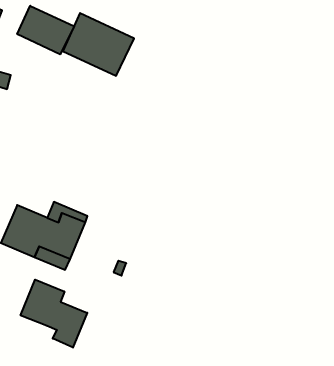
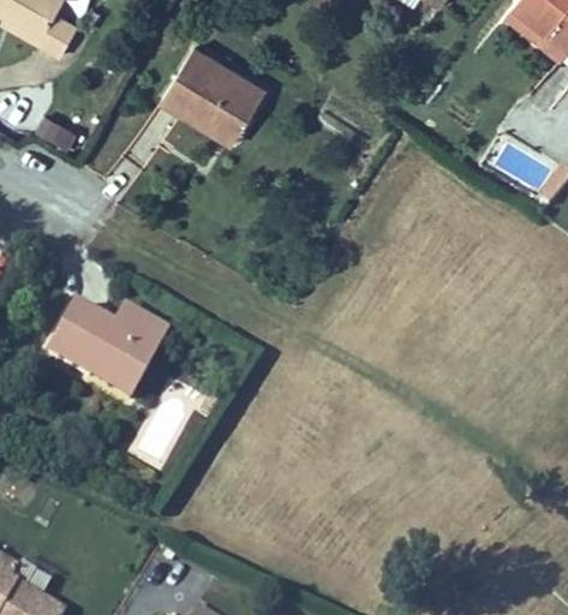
building: [17,6,74,54] -> none
building: [21,280,87,348] -> none

